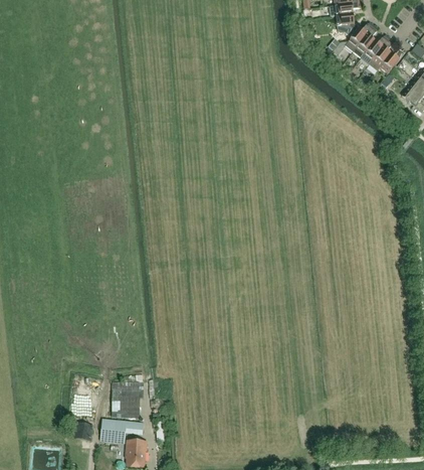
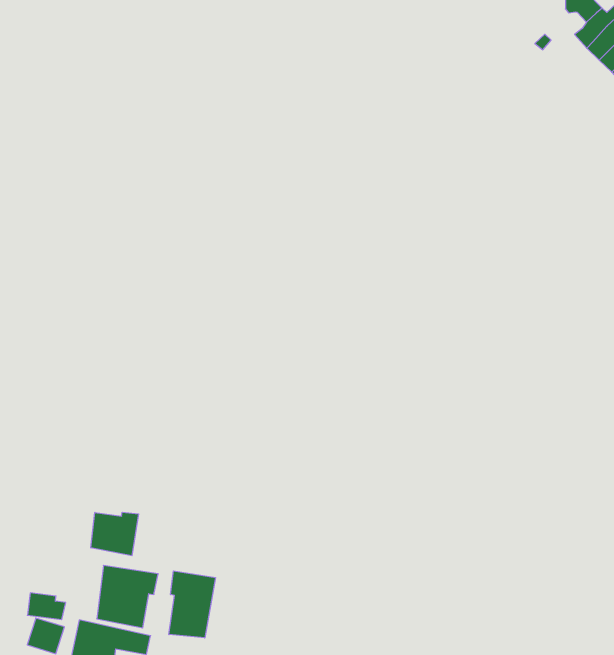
building: none -> [91,512,138,556]
building: none -> [169,571,215,638]

